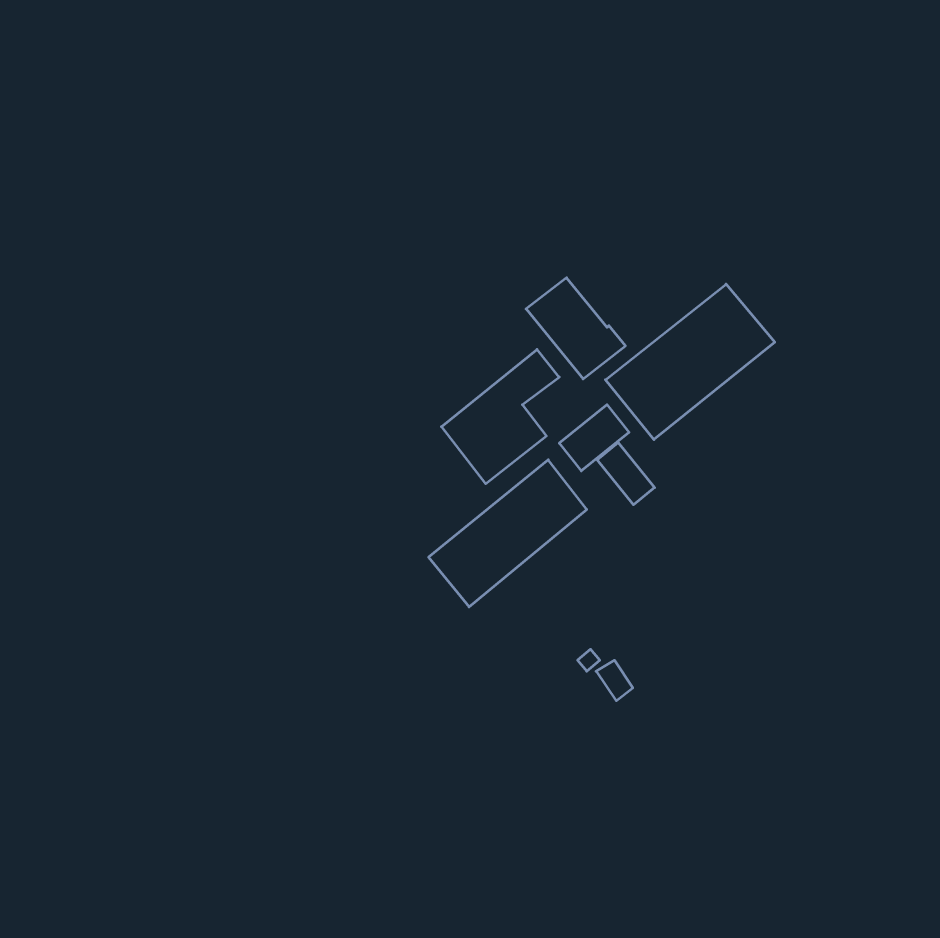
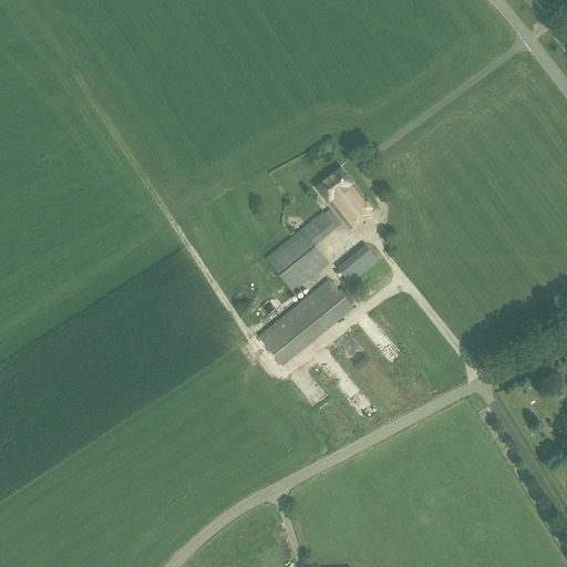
building: [605,284,775,440] -> none
building: [597,443,655,505] -> none

